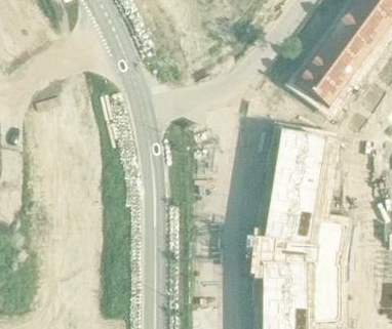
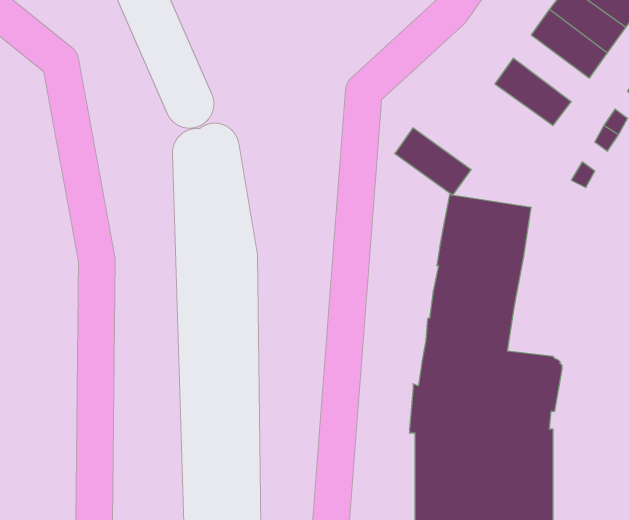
building: [316,35,359,73] -> none
building: [296,63,339,100] -> [395,128,471,195]

